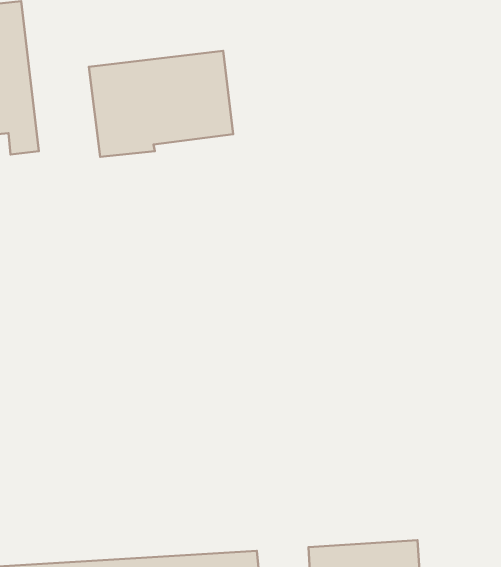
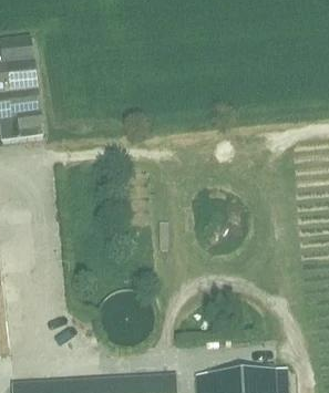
building: [89,51,233,157] -> none

